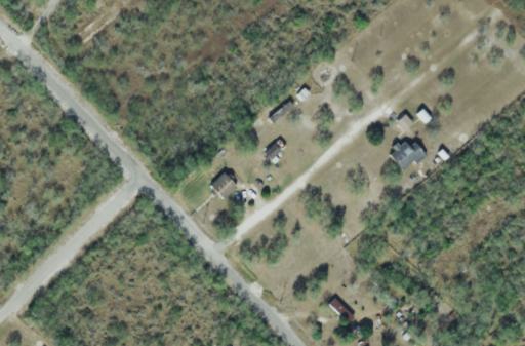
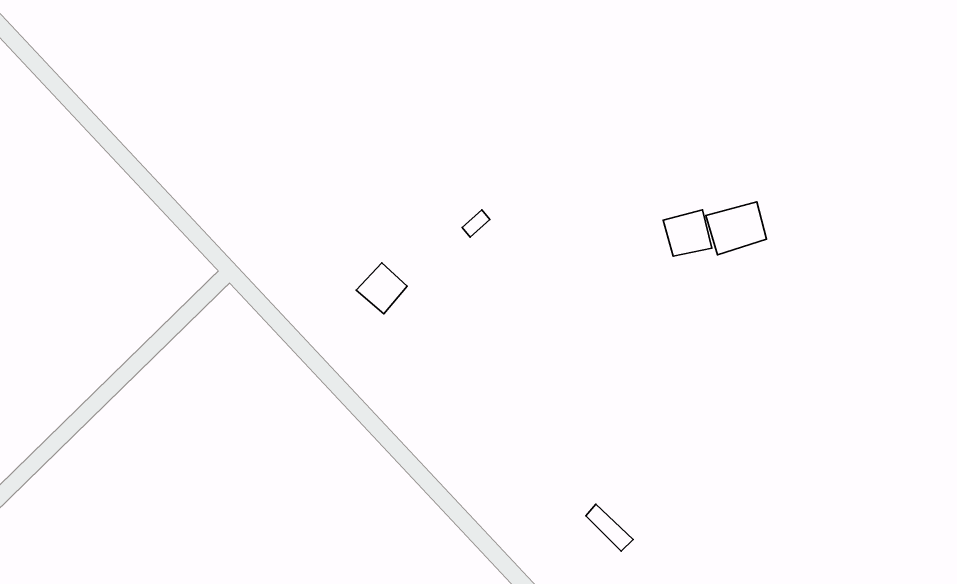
building: none -> [663,210,712,256]

